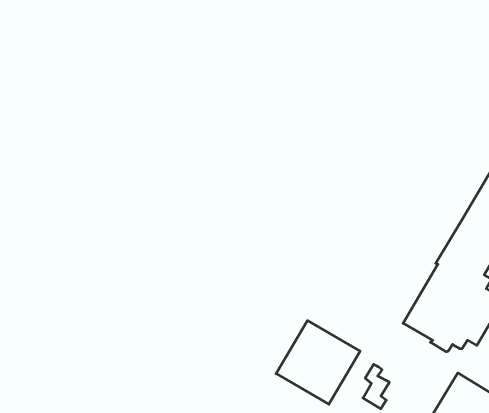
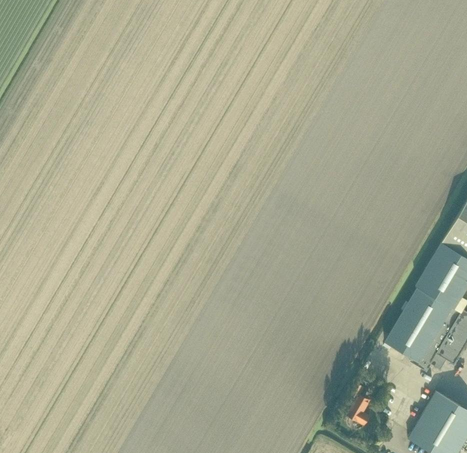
building: [276,321,360,404] -> none

